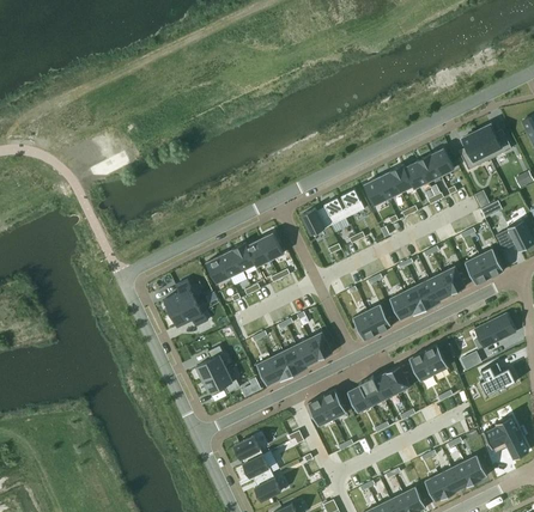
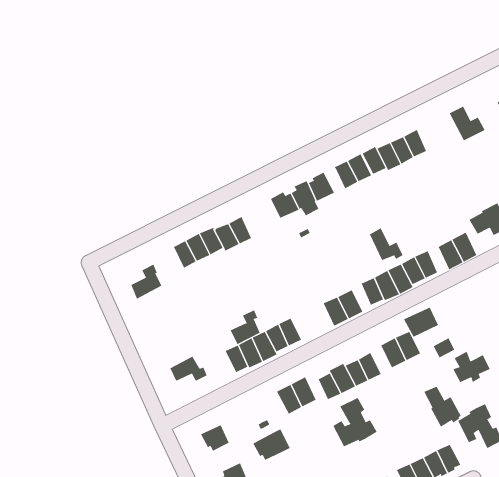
building: [461,132,490,170] -> none
building: none -> [369,228,403,261]
building: [170,300,207,327] -> none
building: [474,317,509,347] -> [403,307,439,338]
building: [195,346,225,380] -> [230,309,261,345]
building: none -> [424,386,461,427]
building: none -> [332,397,378,447]
building: [242,450,279,481] -> [253,429,290,461]

